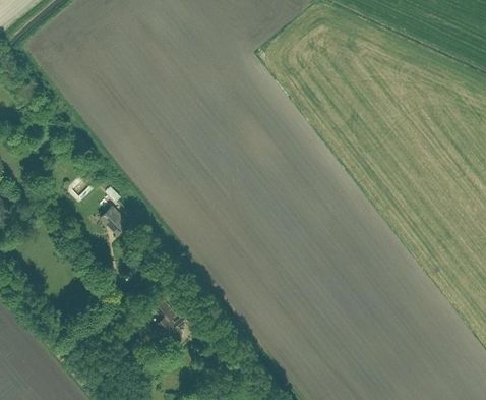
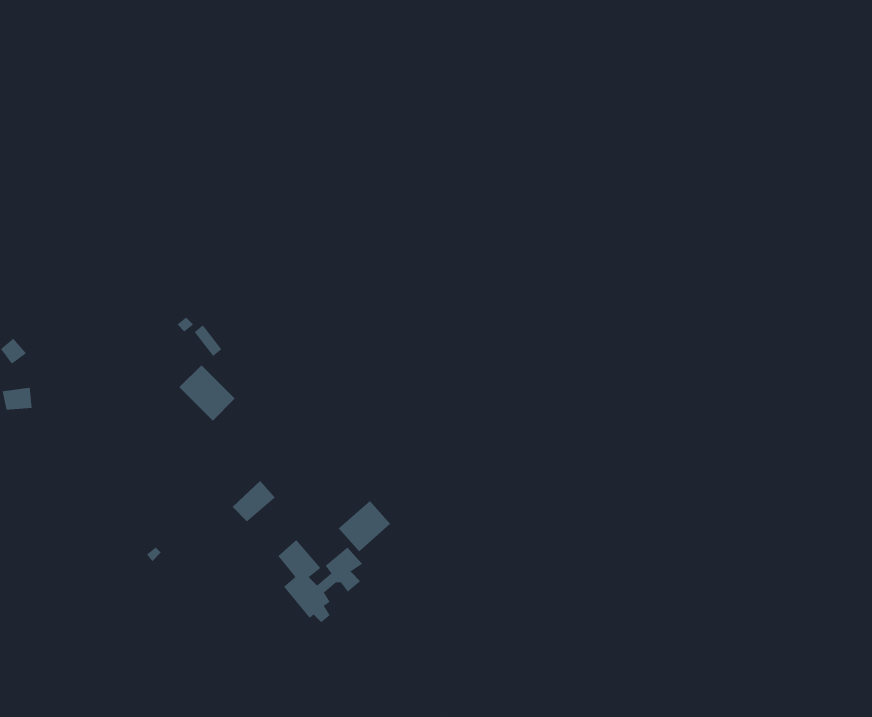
building: none -> [338,500,391,552]

